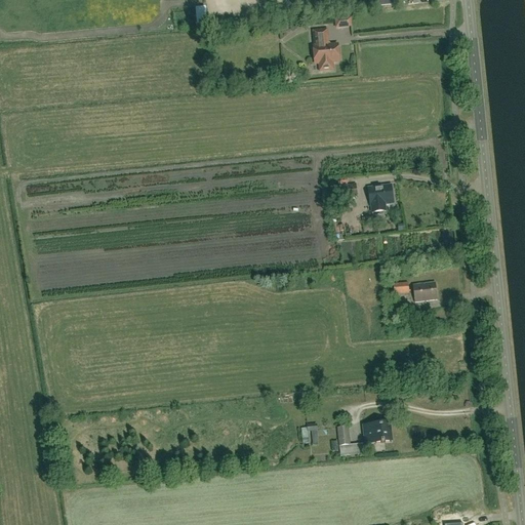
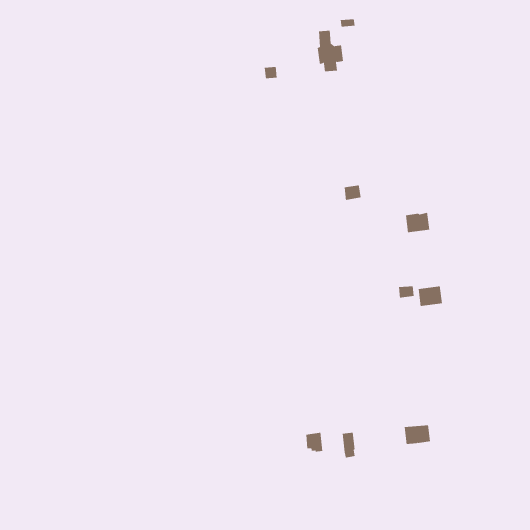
building: [369,185,394,205] -> [405,212,430,233]
building: [365,423,392,443] -> [404,425,431,445]

